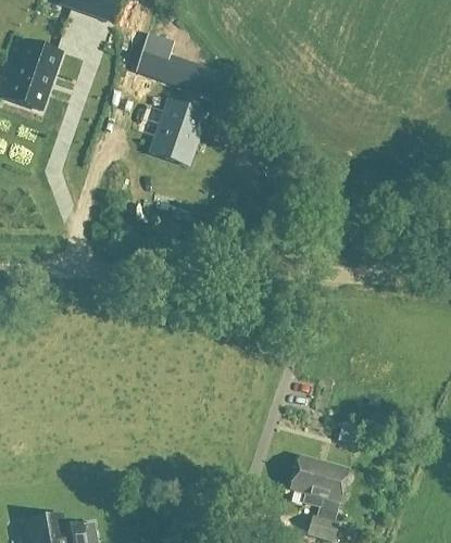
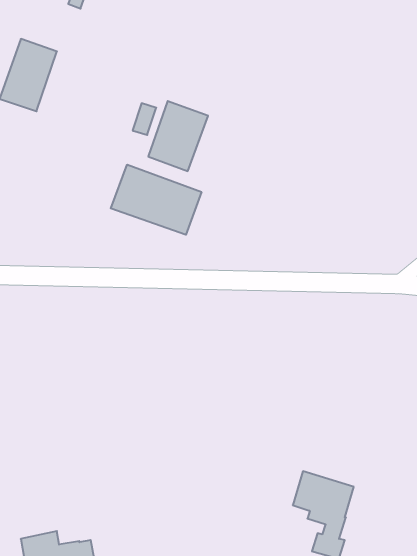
building: [137,33,208,91] -> none
building: none -> [111,165,201,235]

